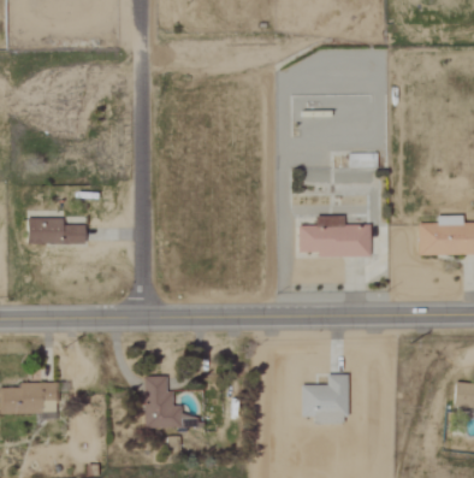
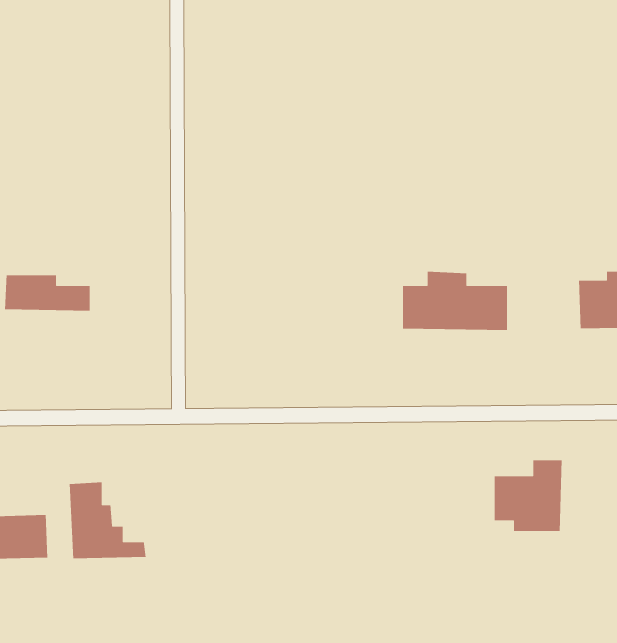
building: [302,374,349,424] -> [494,460,562,532]
building: [146,376,199,429] -> [69,482,146,559]

